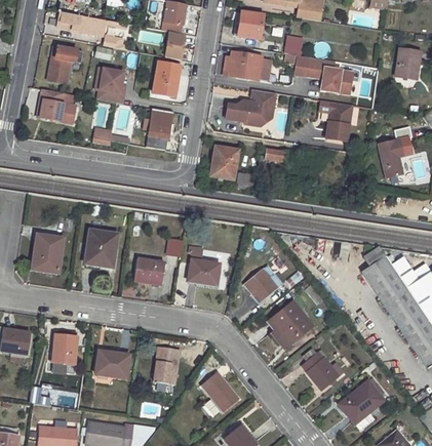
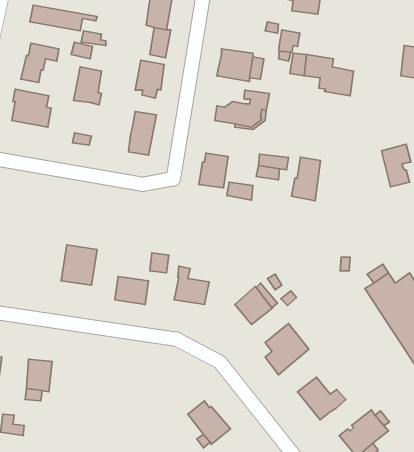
building: [237,11,262,39] -> none
building: [325,102,352,141] -> [291,157,321,201]
building: [33,236,62,271] -> none
building: [153,347,178,384] -> none
building: [94,351,128,378] -> none

